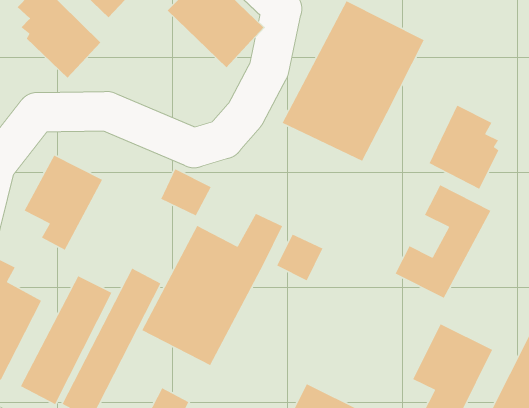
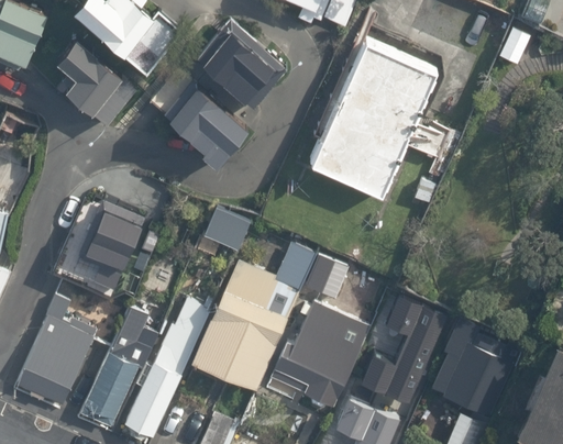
building: none -> [151,74,250,171]
building: [429,105,500,190] -> none
building: [395,184,492,299] -> [358,296,445,402]
building: none -> [269,298,372,409]

